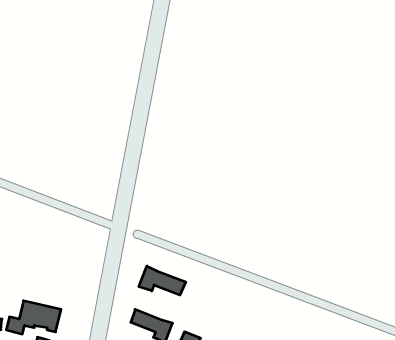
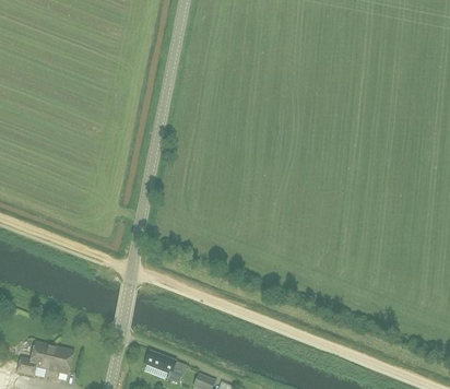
building: [139,266,186,295] -> none

